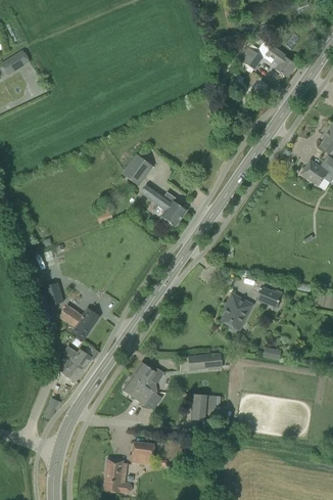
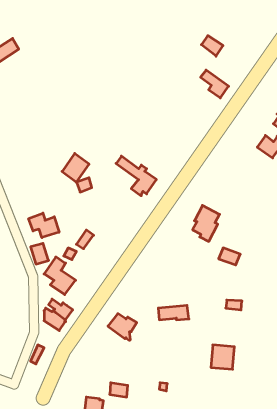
building: [265,46,296,78] -> [201,70,229,98]
building: [122,153,152,186] -> [62,153,89,182]
building: none -> [29,213,59,238]
building: [220,292,250,333] -> [193,205,220,241]
building: [122,376,155,405] -> none
building: [190,394,217,421] -> [211,345,234,369]

